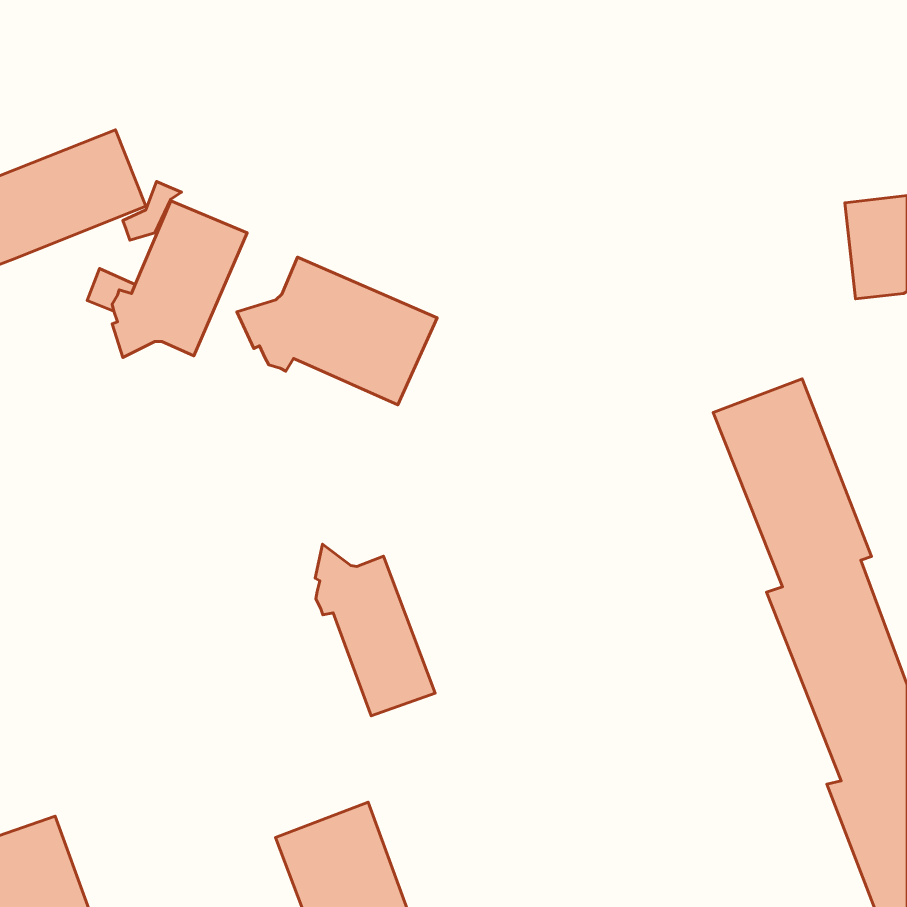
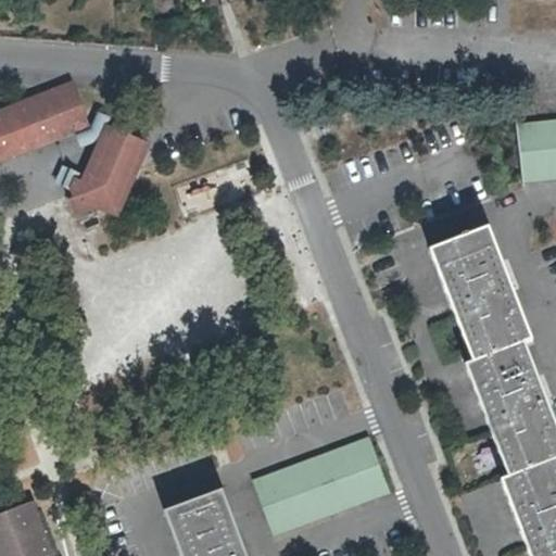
building: [237,257,437,405] -> none
building: [315,544,435,716] -> none
building: none -> [253,435,390,536]

